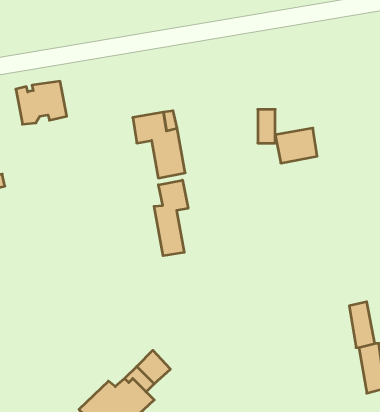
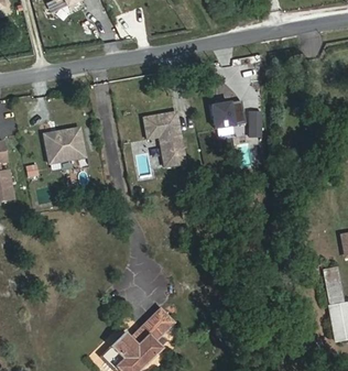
building: [16,81,67,124] -> [43,127,85,162]
building: [275,128,317,163] -> [211,99,246,128]
building: [154,180,188,256] -> none

